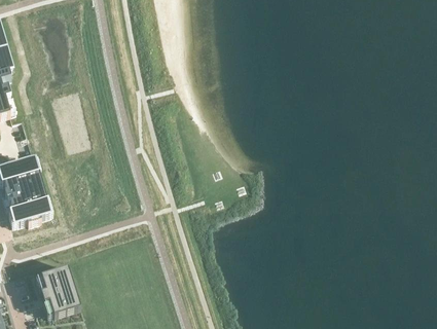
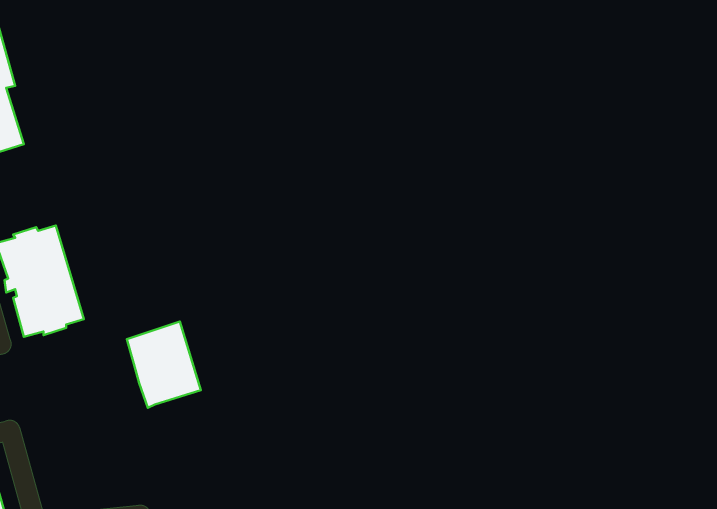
building: [36,268,79,319] -> [127,321,201,408]

